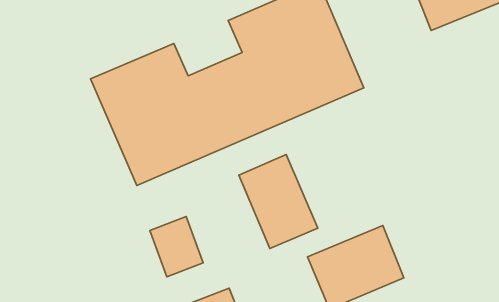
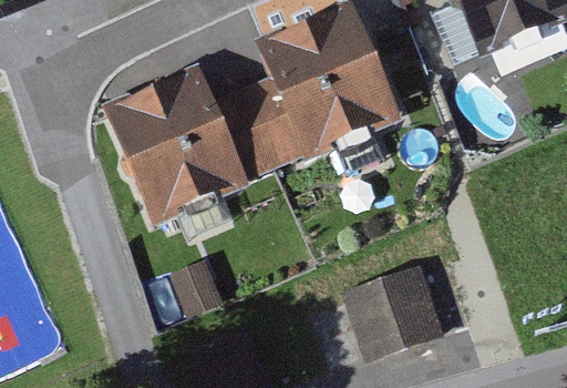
building: [239,154,318,248] -> none

